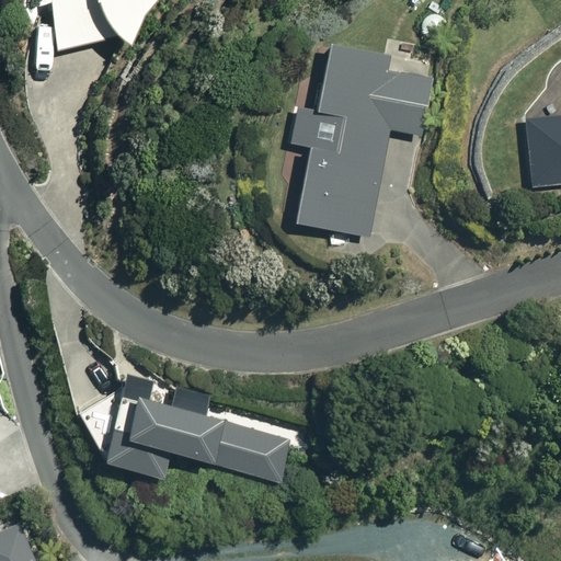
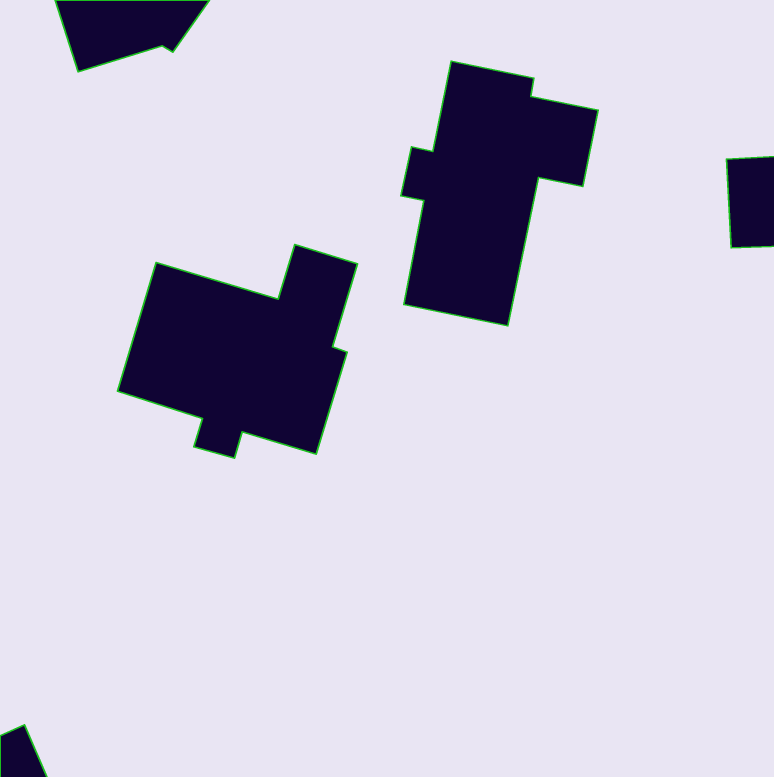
building: none -> [118,244,357,458]
building: [101,371,291,481] -> none

